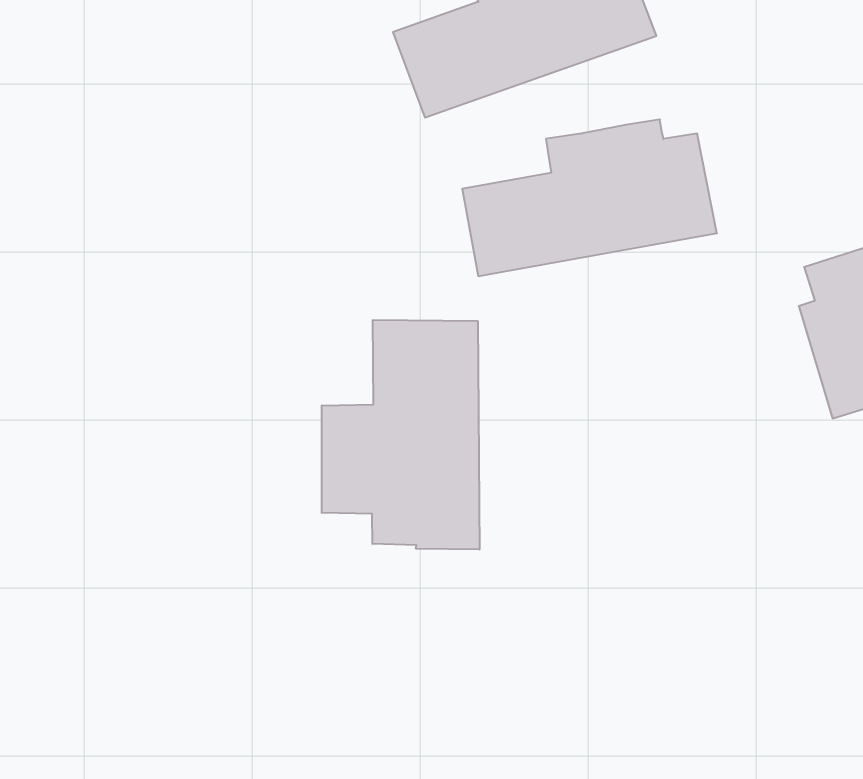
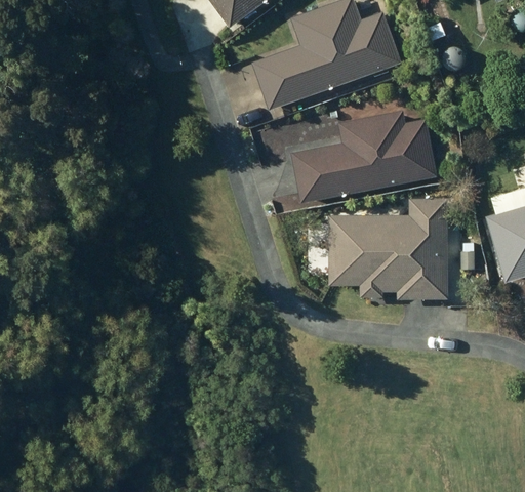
building: none -> [333,198,453,302]
building: [322,320,479,550] -> none

